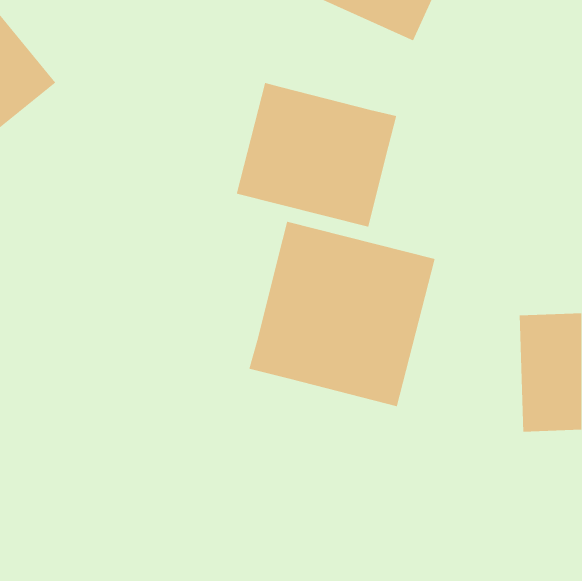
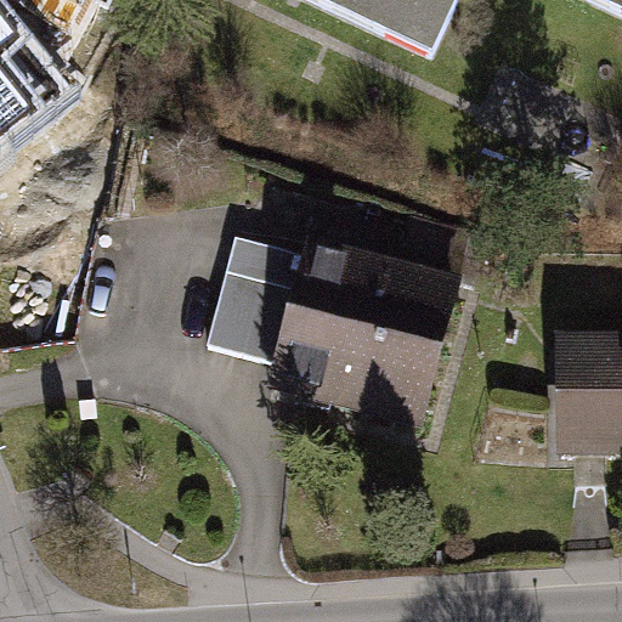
building: [236,82,397,228] -> none
building: none -> [205,238,299,361]

